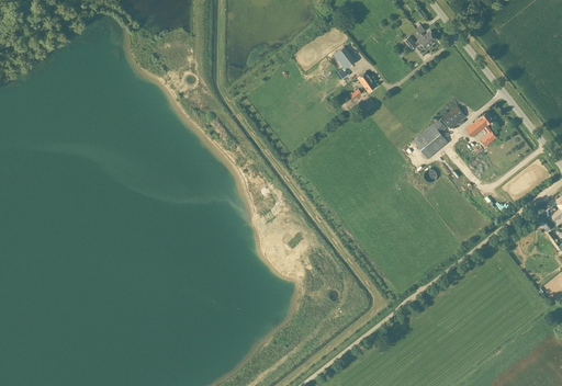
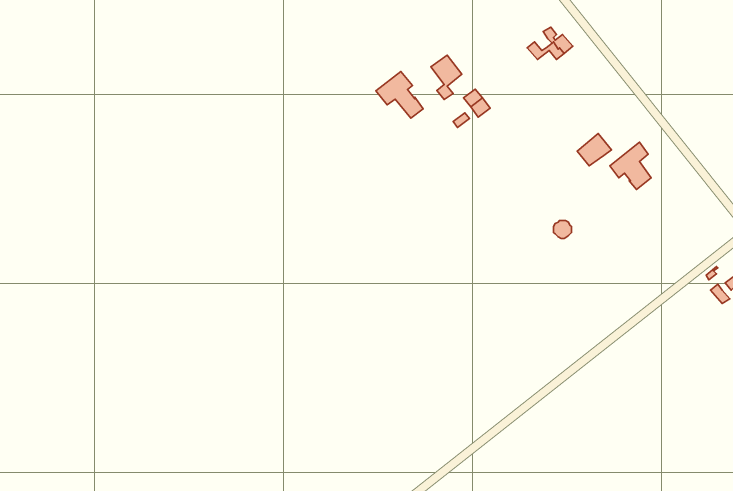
building: none -> [376,71,423,118]
building: [412,121,448,160] -> none

